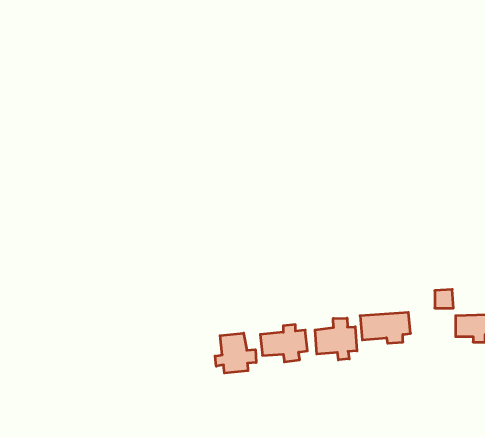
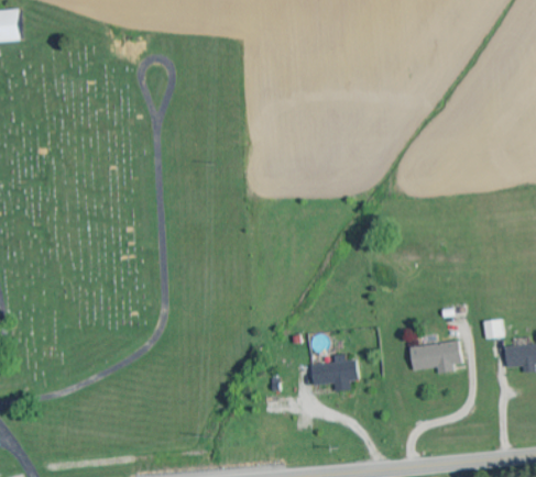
building: [315,318,357,360] -> none
building: [215,333,256,373] -> none

